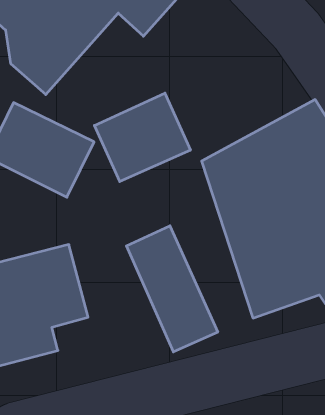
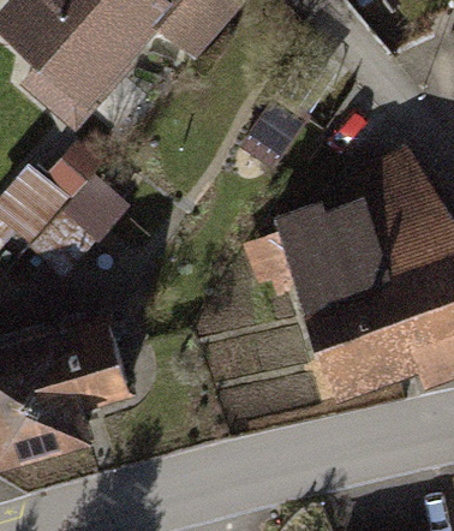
building: [94,93,190,182] -> none
building: [126,226,218,352] -> none

